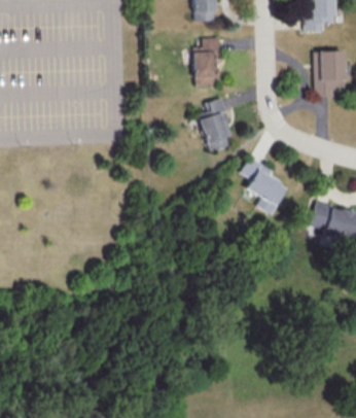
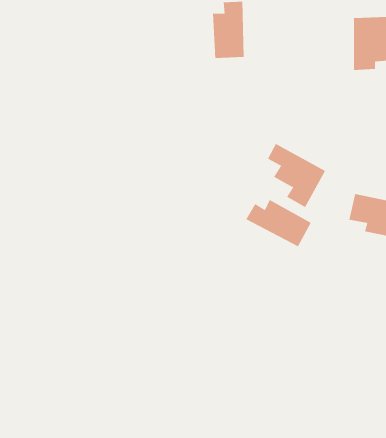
building: [200,98,234,151] -> none
building: none -> [245,199,312,247]

